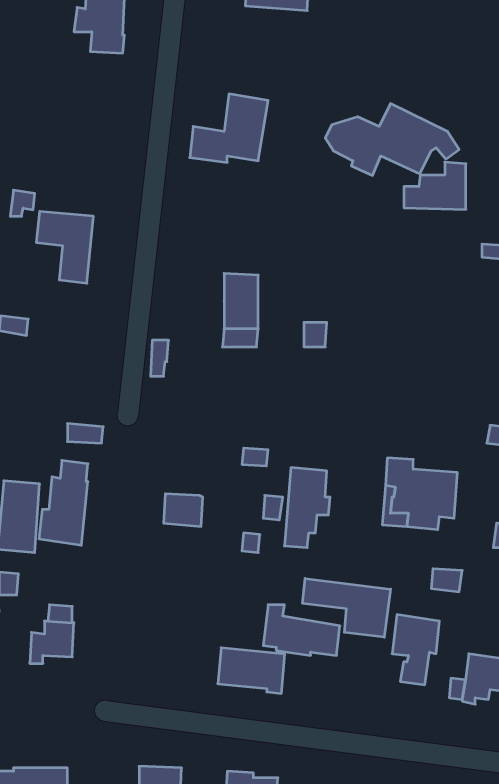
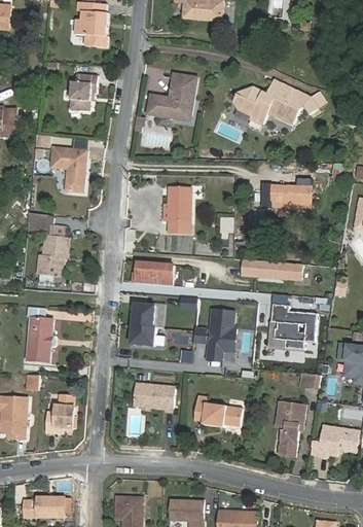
building: none -> [69,74,97,111]
building: [404,162,466,209] -> [270,177,310,207]
building: none -> [240,258,300,281]
building: none -> [135,262,173,285]
building: none -> [132,304,154,326]
building: [39,460,88,545] -> [35,223,66,277]
building: [303,578,391,637] -> none
building: [218,648,285,693] -> [133,383,175,412]

